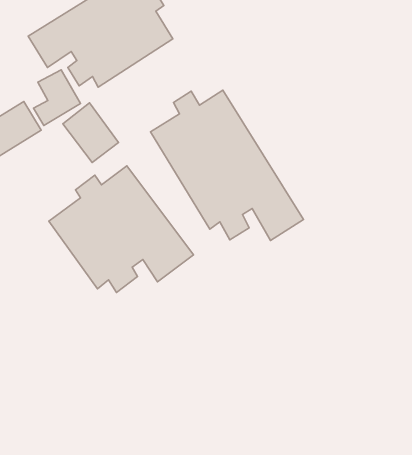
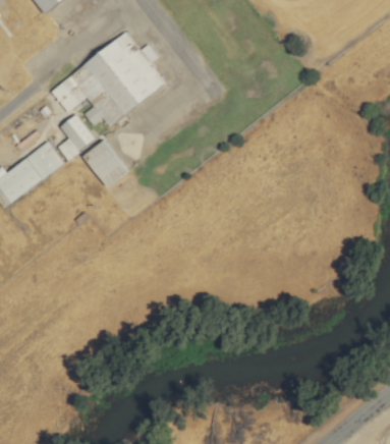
building: [150,90,303,240] -> none
building: [49,166,193,292] -> none

